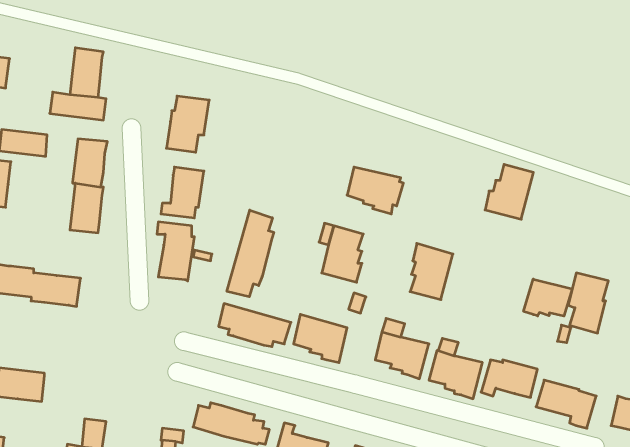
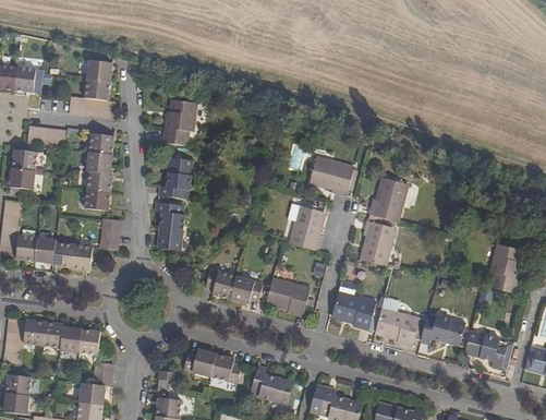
building: [485,164,533,219] -> [368,177,408,221]
building: [227,210,274,297] -> none
building: none -> [100,218,121,250]
building: [524,279,572,316] -> none
building: none -> [60,327,100,355]

